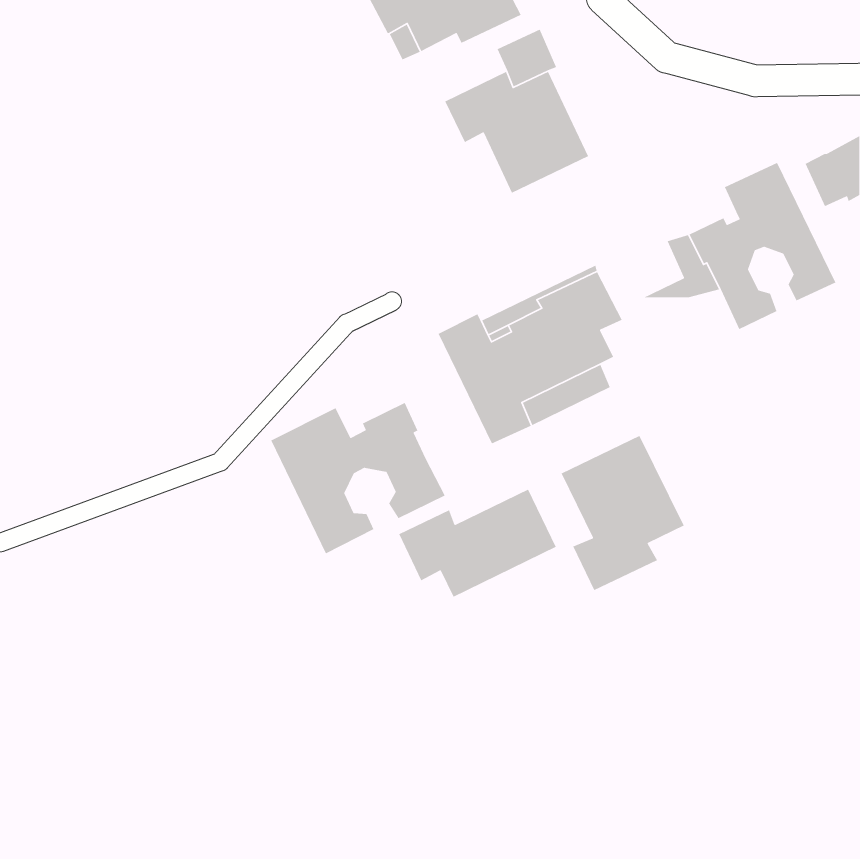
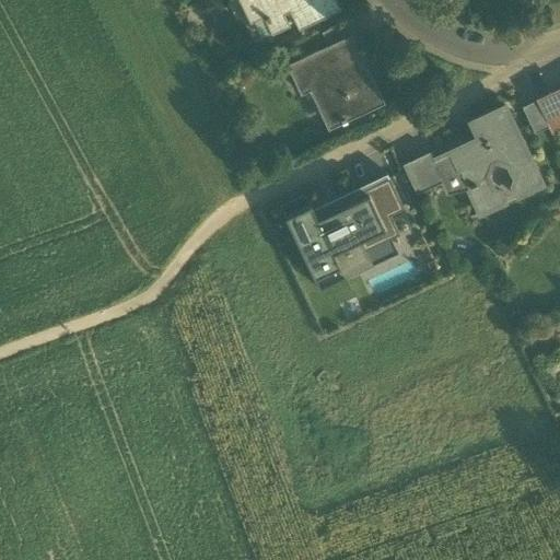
building: none -> [402,151,444,194]
building: [270,402,446,554] -> none
building: [561,435,685,591] -> none
building: [398,488,557,598] -> none

